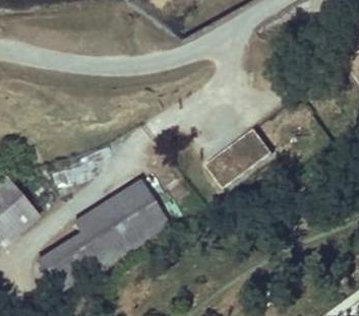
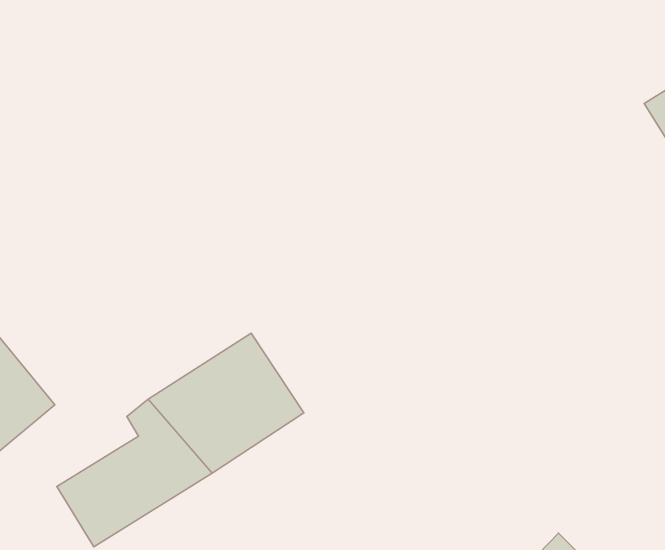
building: [206,128,276,189] -> none

